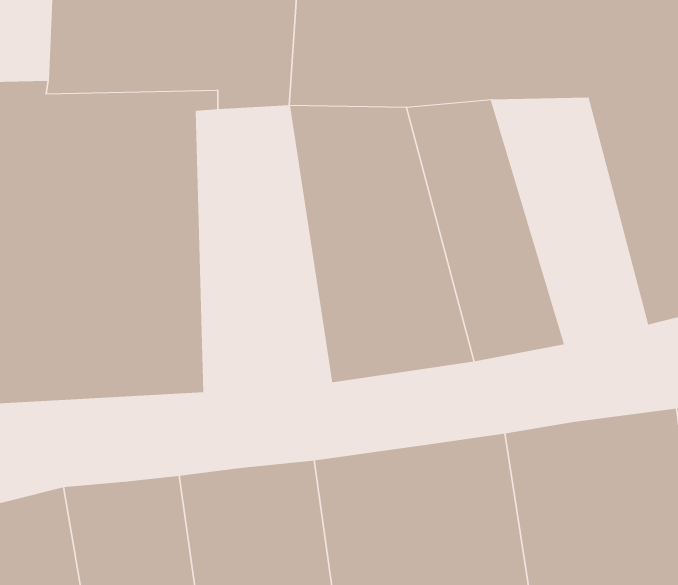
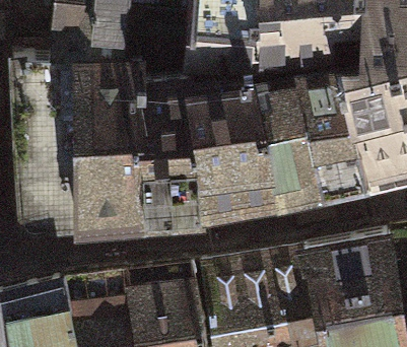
building: none -> [293,72,376,202]
building: none -> [138,76,209,227]

